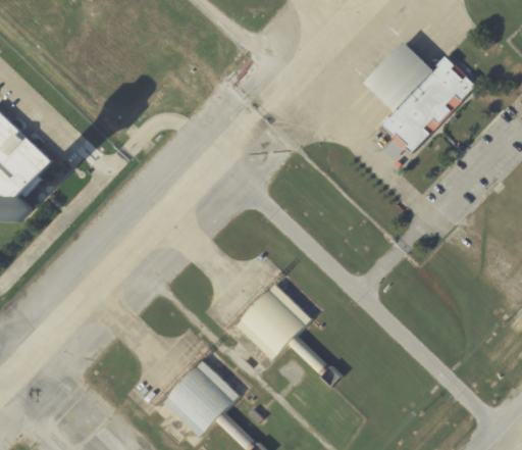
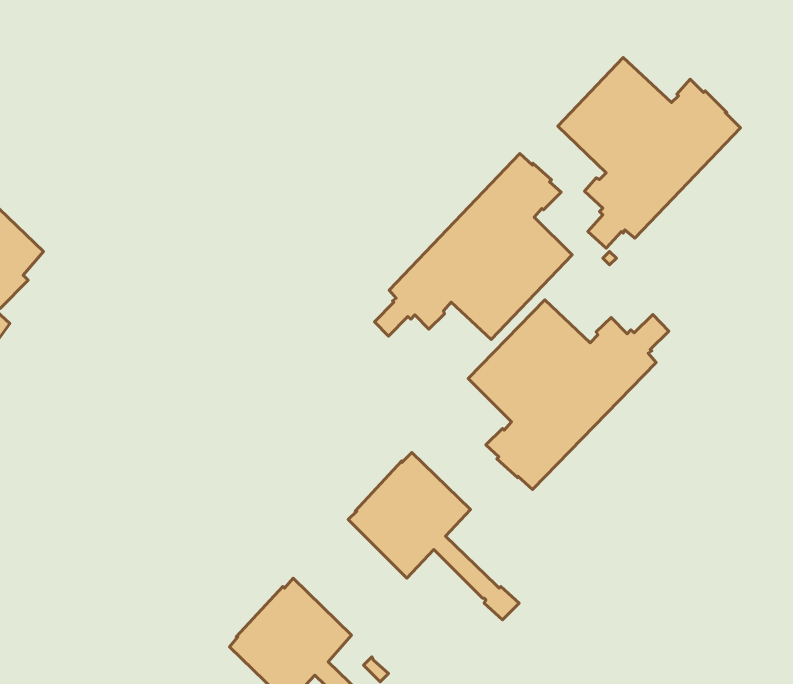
building: none -> [374,154,572,339]
building: none -> [468,300,669,490]

